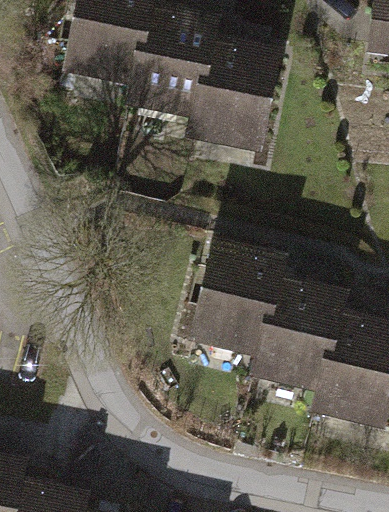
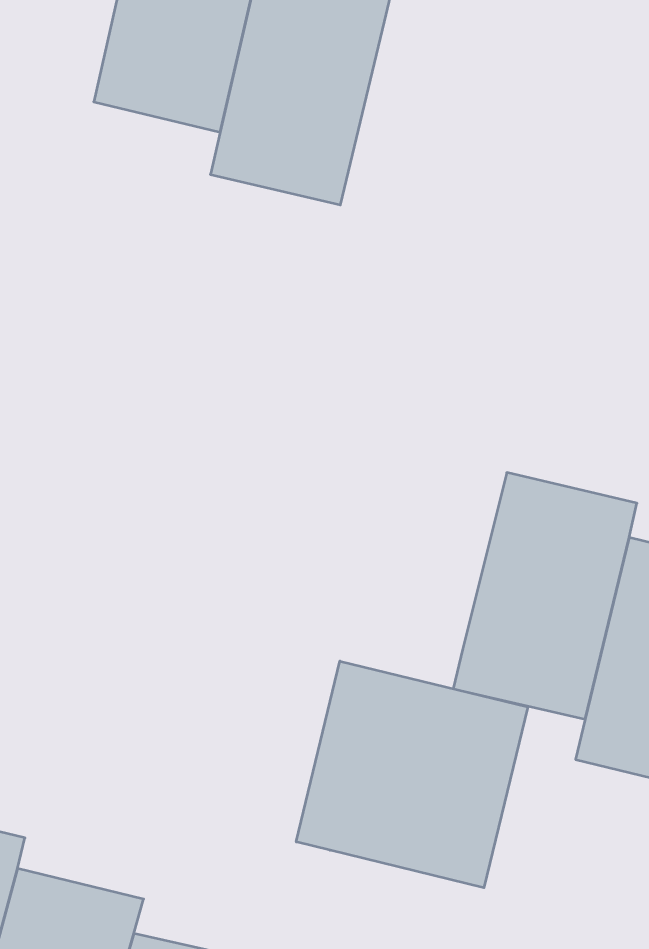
building: [182,24,284,158] -> none
building: [185,229,277,352] -> none
building: none -> [296,661,528,888]

